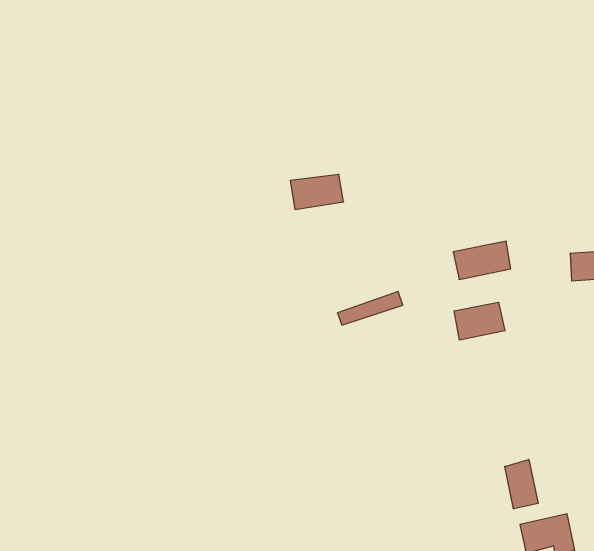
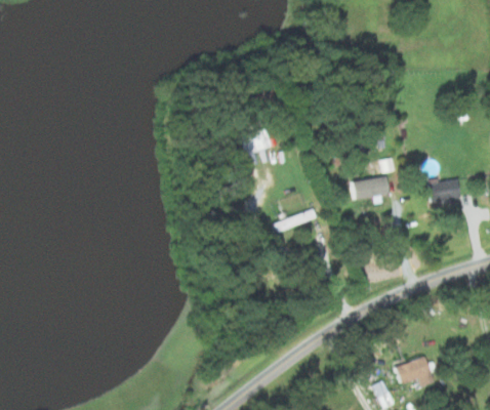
building: [454,302,505,340] -> none
building: [505,459,538,509] -> none

